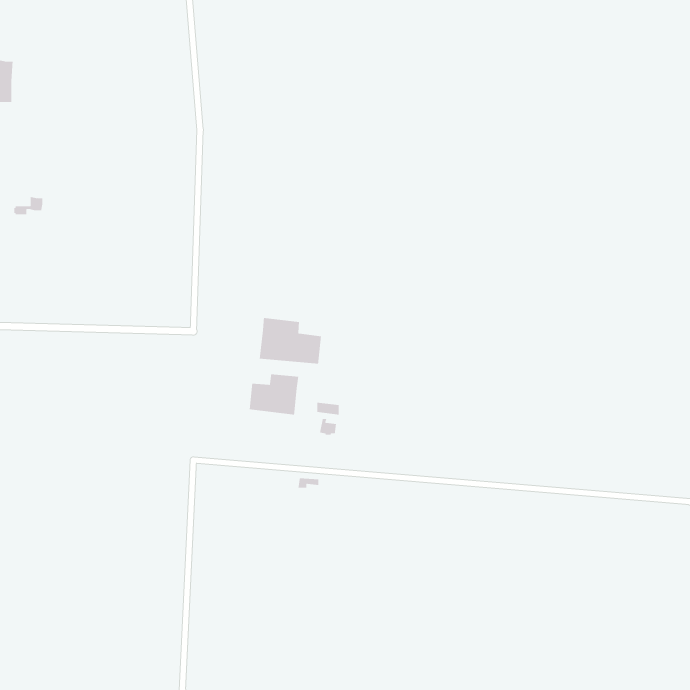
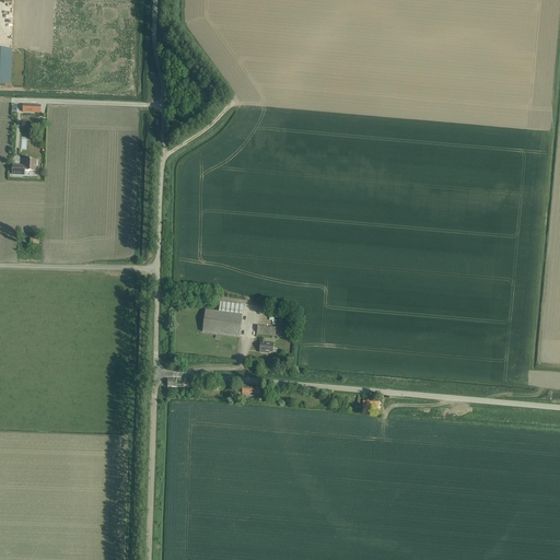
building: [259,317,322,365] -> none

